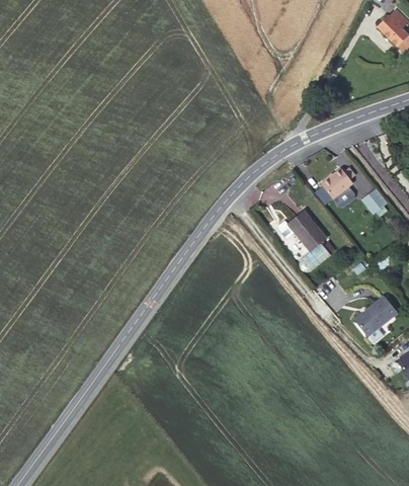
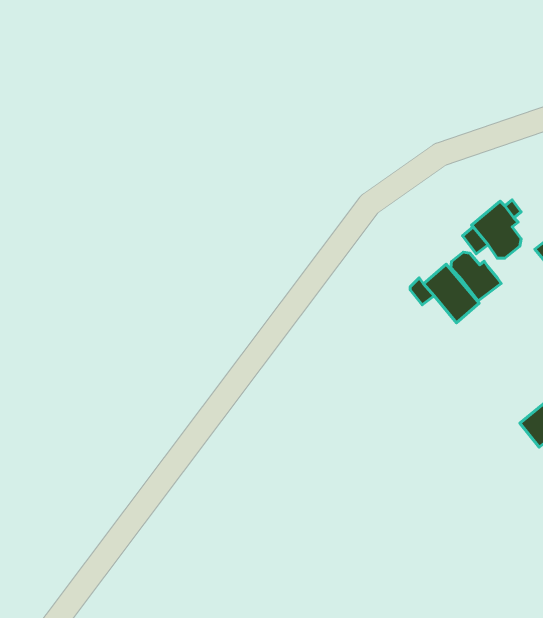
building: none -> [451,252,501,301]

